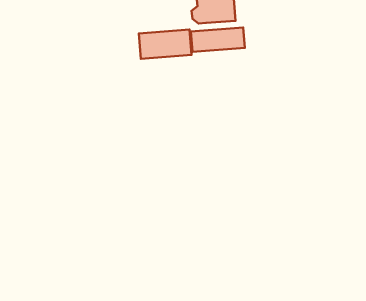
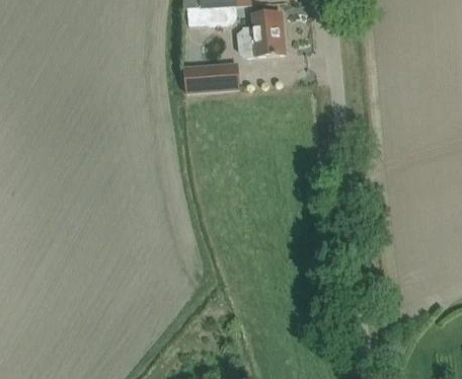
building: [191,27,245,52] -> none

